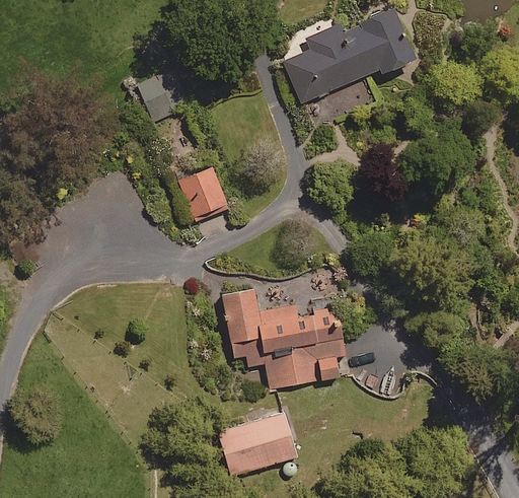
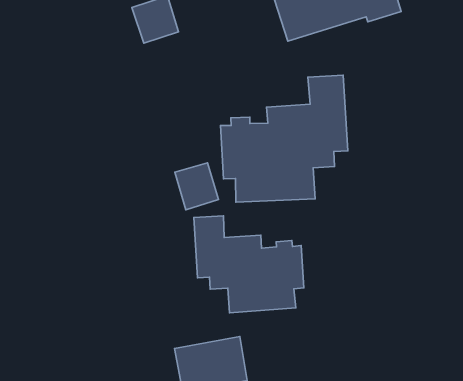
building: none -> [220,75,348,202]
building: [178,167,226,218] -> [175,163,218,210]

